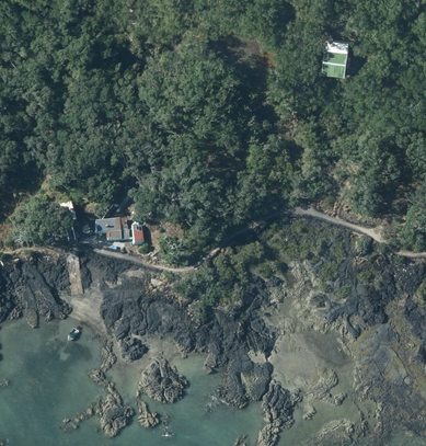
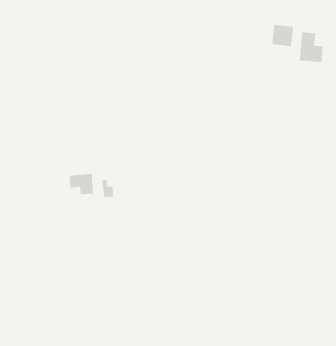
building: none -> [299,31,323,63]

